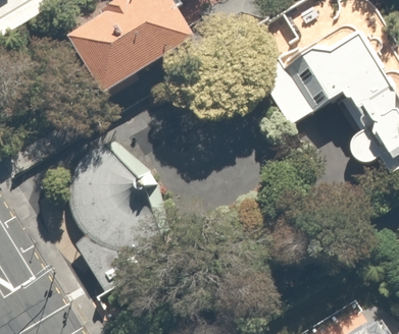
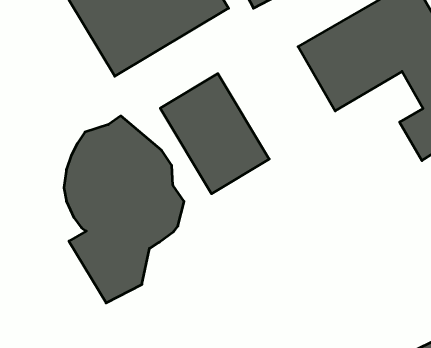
building: none -> [160,74,269,194]

